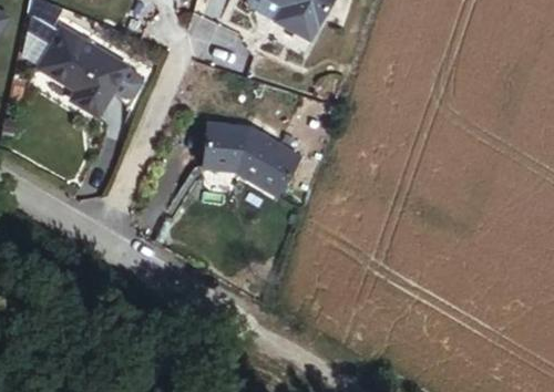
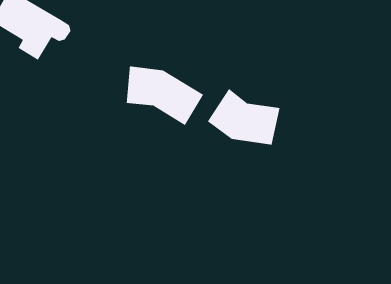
building: none -> [207,88,281,146]

